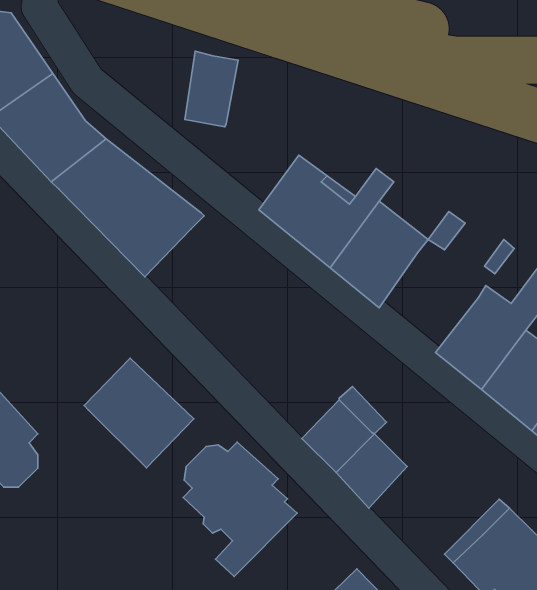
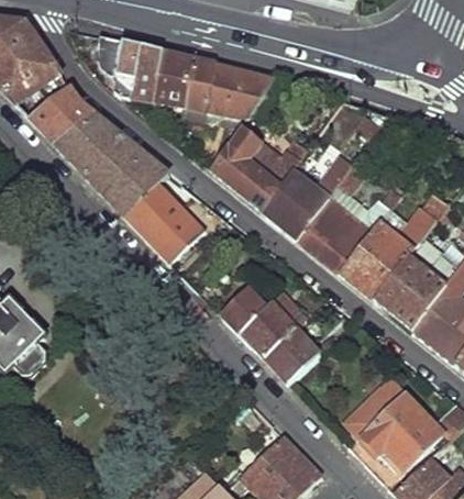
building: none -> [98,34,163,100]
building: none -> [186,56,274,118]
building: none -> [299,199,373,273]
building: [84,358,194,468] -> [125,181,207,263]
building: none -> [224,290,269,336]
building: [183,442,297,576] -> none

